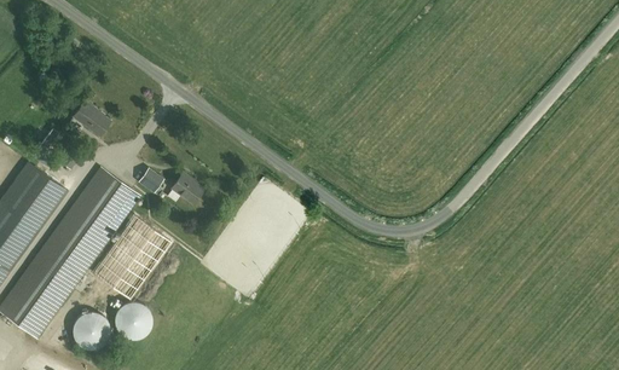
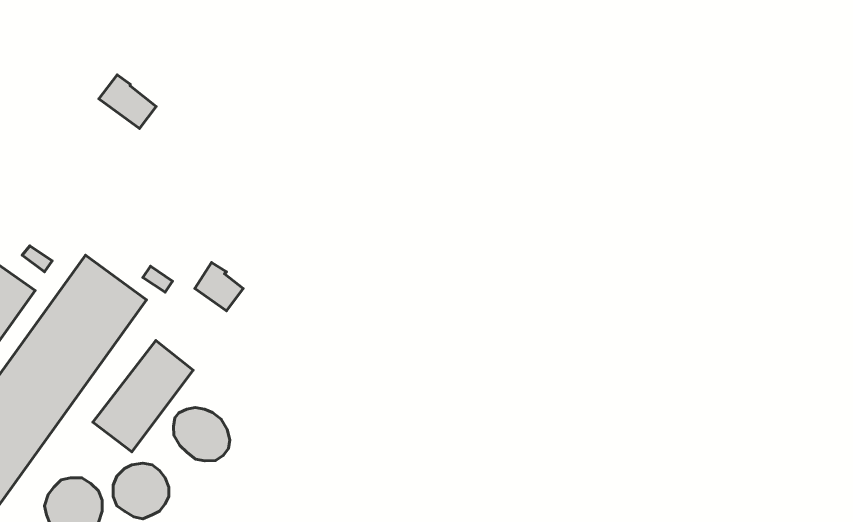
building: [71,100,109,135] -> [99,75,156,129]
building: none -> [173,407,230,461]

